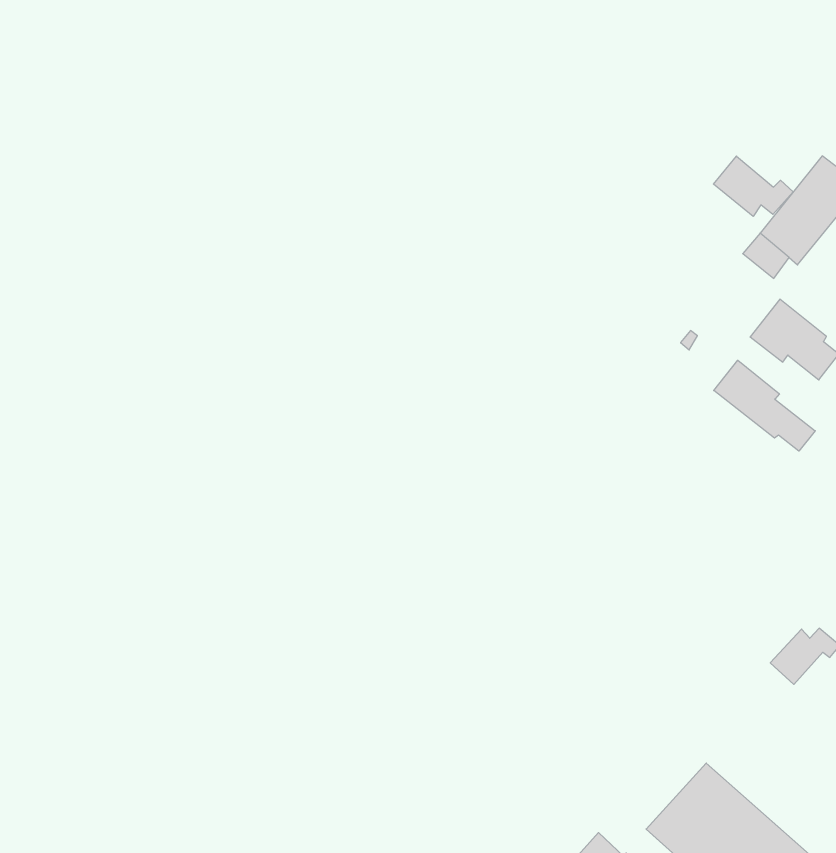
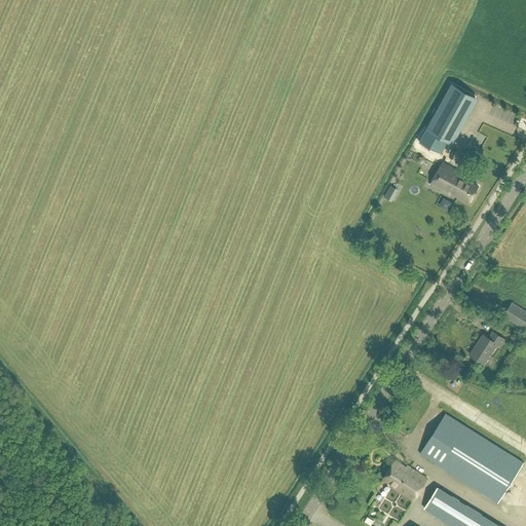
building: [713,156,793,216] -> none
building: [714,360,815,451] -> none

